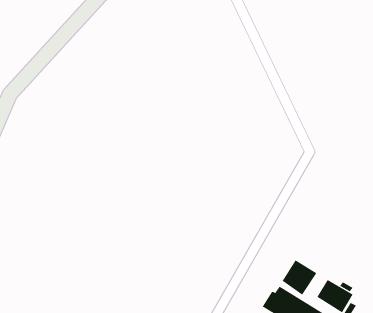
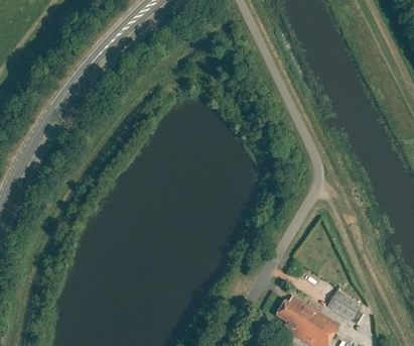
building: [282,259,317,296] -> none

